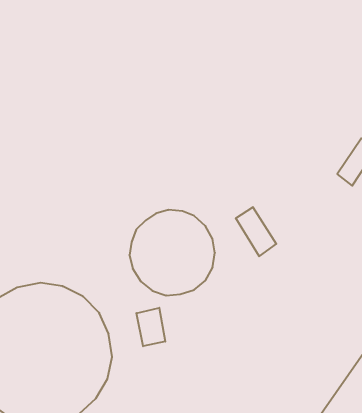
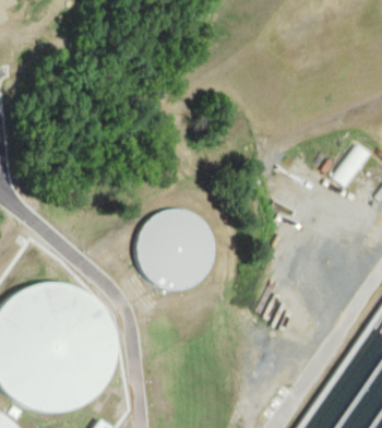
building: [236,207,276,256] -> none
building: [136,308,165,346] -> none

